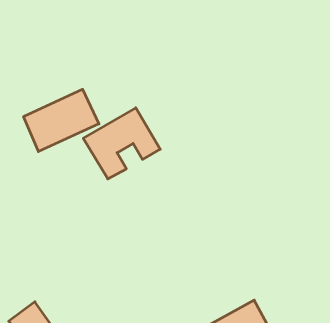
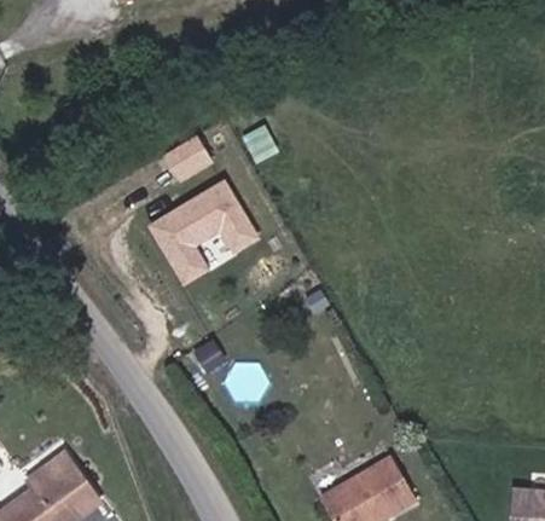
building: none -> [161,132,211,178]
building: [24,89,99,152] -> none

